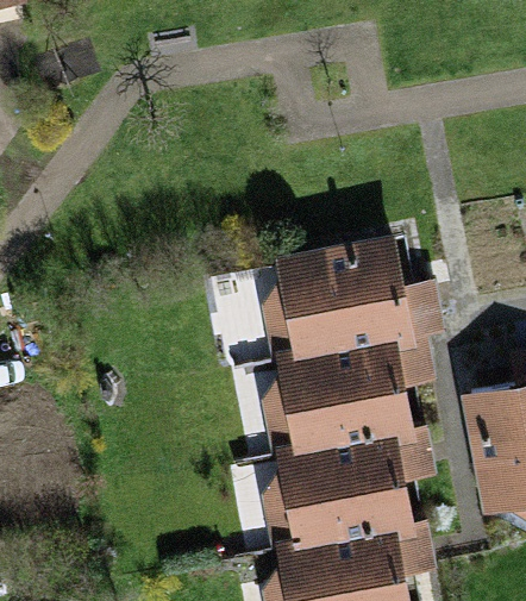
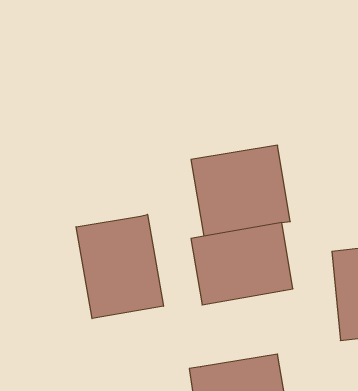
building: none -> [76,214,163,319]
building: [271,443,417,550] -> none

